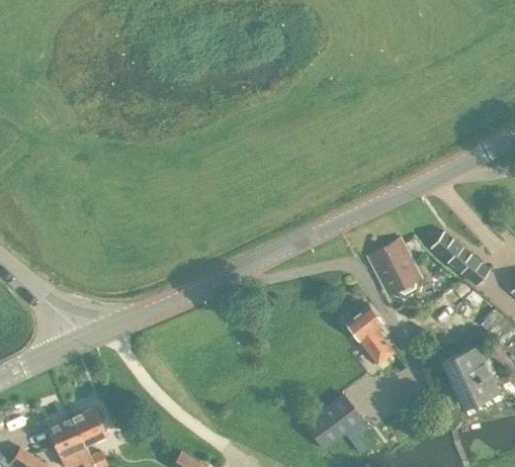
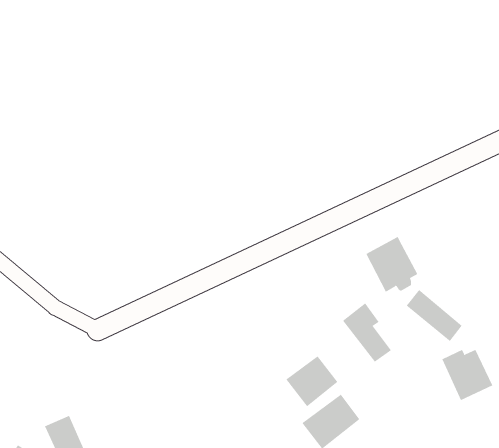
building: [431,232,488,285] -> [406,289,462,342]
building: none -> [286,356,338,407]
building: [73,407,107,445] -> none

